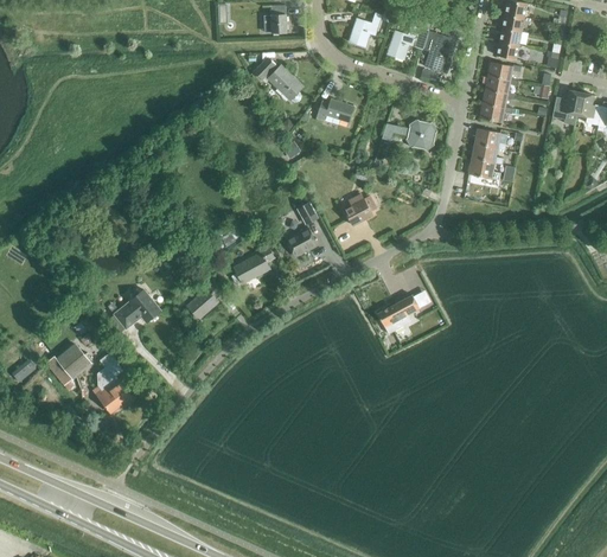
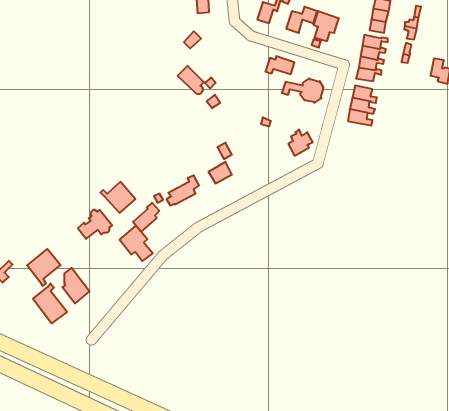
building: [267,65,301,102] -> [178,66,204,94]
building: [550,90,580,124] -> none
building: [314,98,352,122] -> [265,56,294,74]
building: [344,191,376,225] -> [288,129,313,156]
building: none -> [100,182,135,213]
building: [376,295,418,334] -> none
building: none -> [120,226,153,261]
building: none -> [33,283,67,323]

